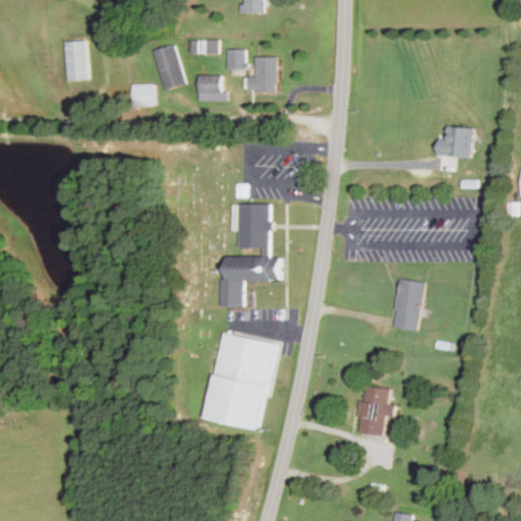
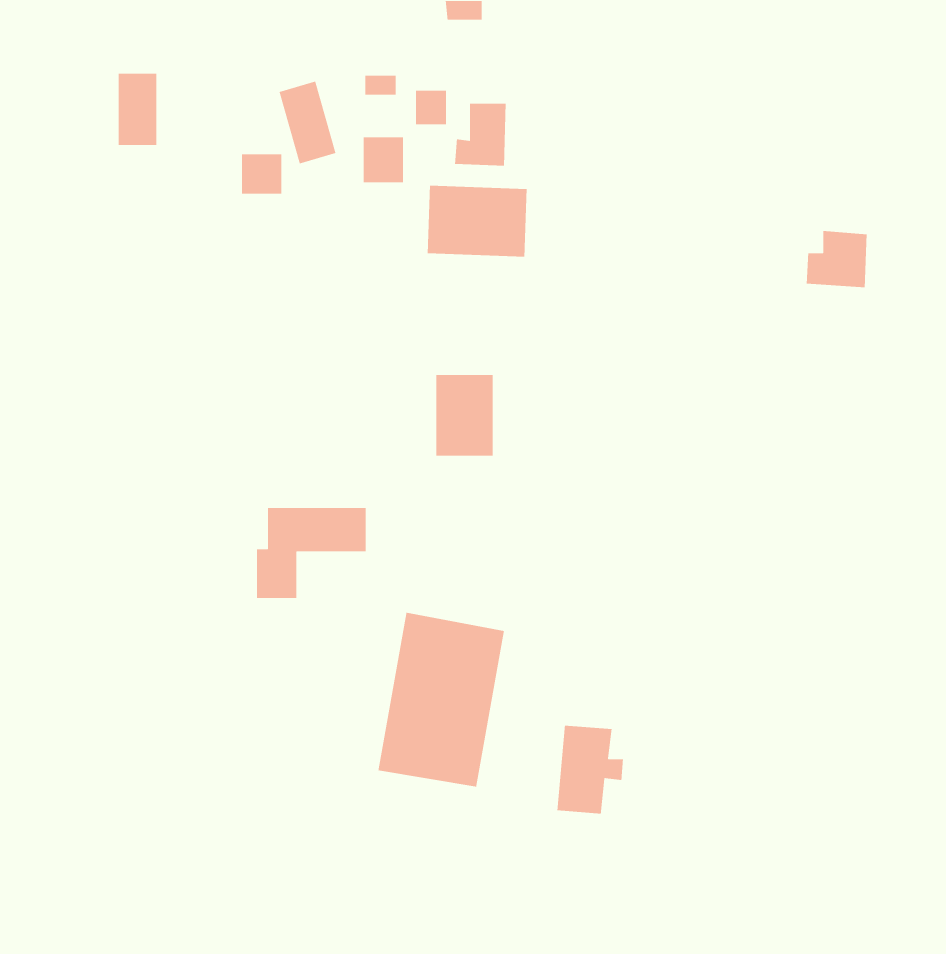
building: none -> [427,185,528,257]
building: [221,256,281,306] -> [256,507,366,599]
building: [394,279,424,331] -> none
building: [358,387,395,436] -> [557,725,624,814]

